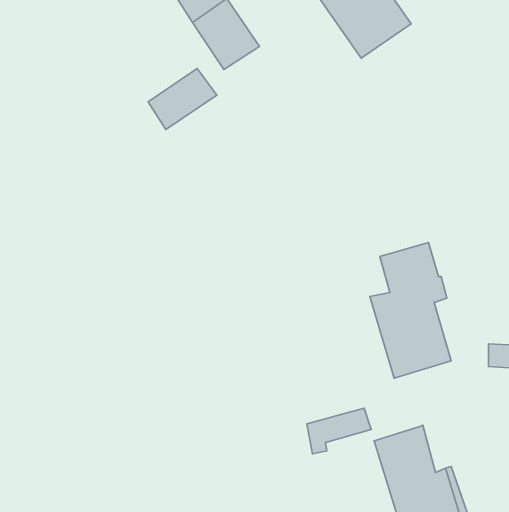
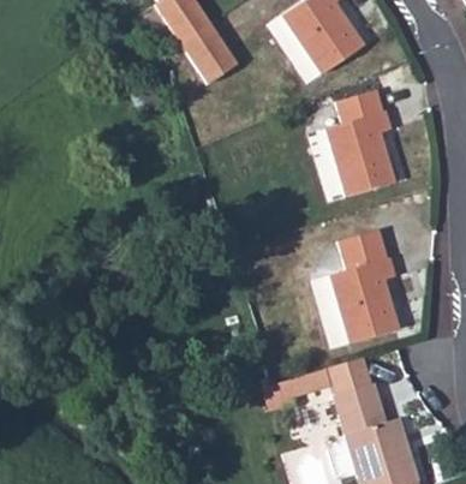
building: [148,68,217,130] -> none
building: none -> [327,90,395,197]
building: none -> [325,358,372,396]

